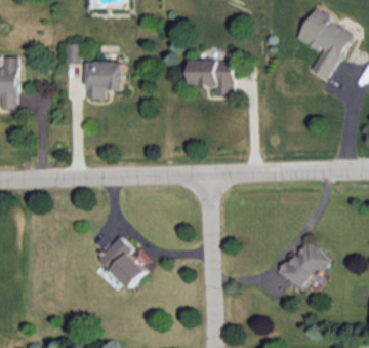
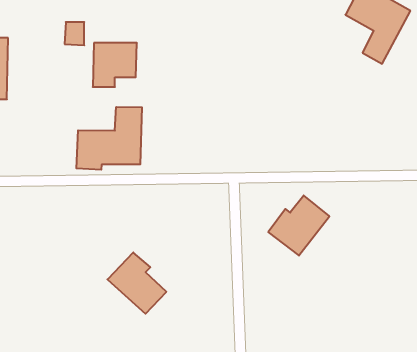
building: [189,61,234,95] -> none
building: none -> [76,107,142,170]
building: [278,241,329,292] -> [268,195,329,256]

